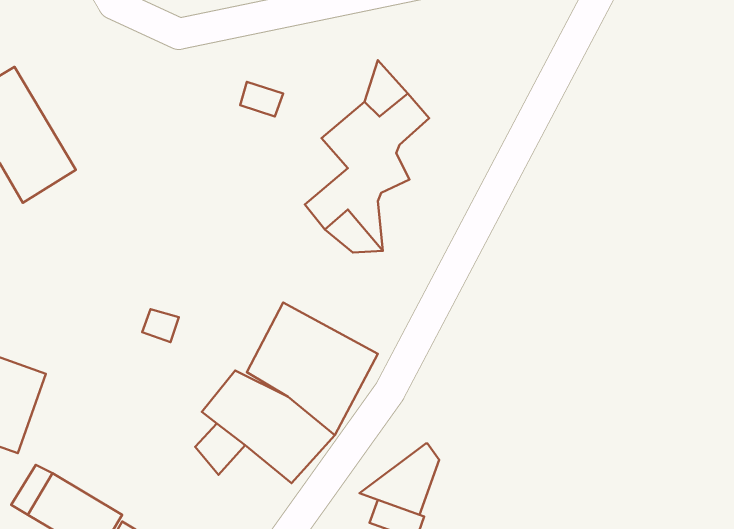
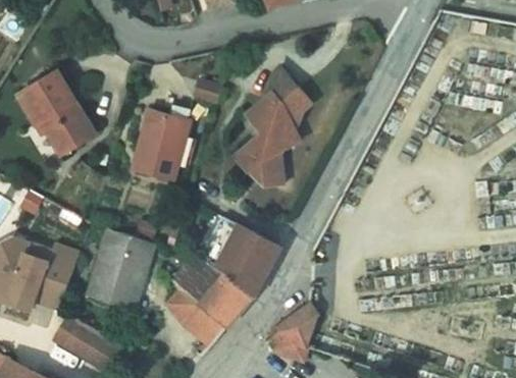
building: none -> [134,106,189,178]
building: none -> [88,229,153,311]
building: none -> [182,304,226,345]

